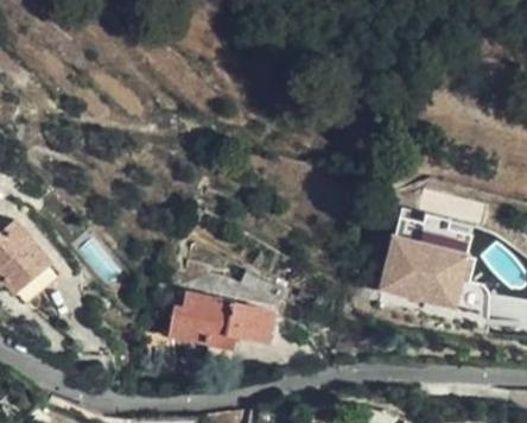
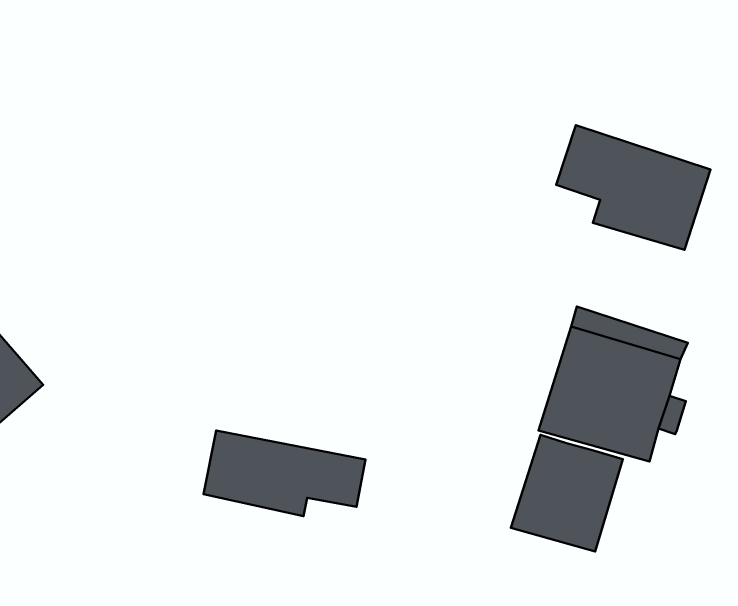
building: none -> [556,125,710,250]
building: none -> [511,435,623,552]

